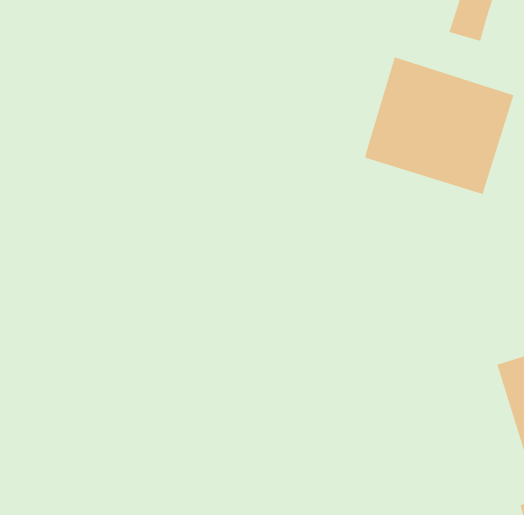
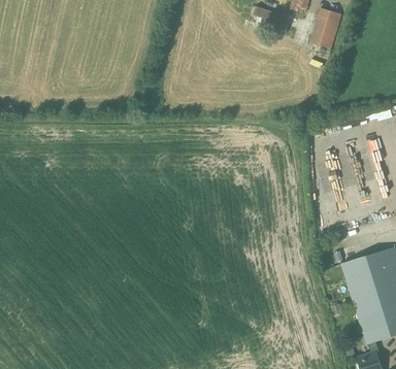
building: [365,57,514,195] -> none

